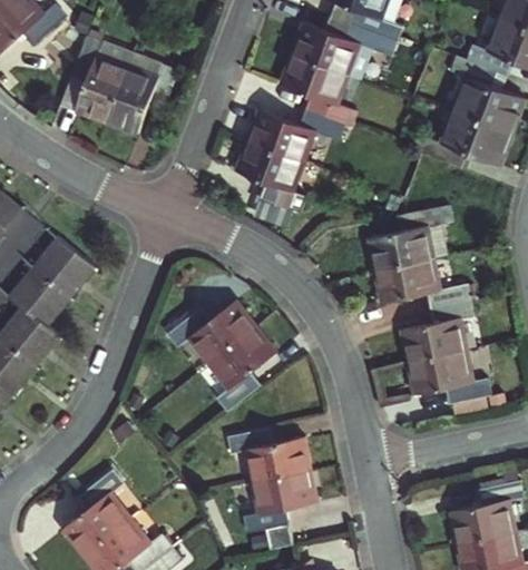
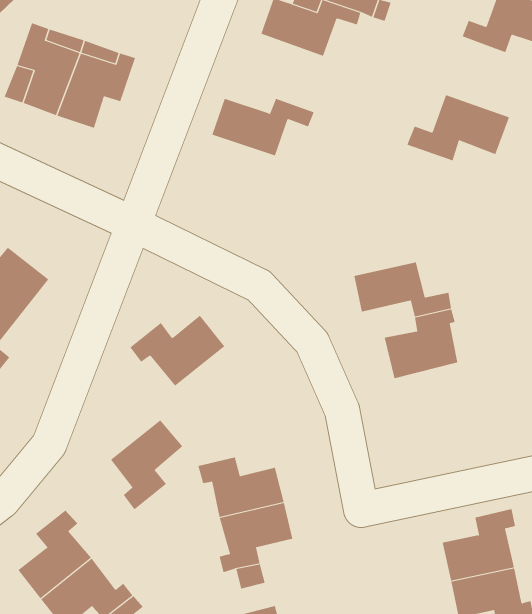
building: [446,52,519,128] -> none
building: [275,55,342,124] -> none
building: [232,144,300,212] -> none
building: [361,204,441,268] -> none
building: [211,331,275,411] -> [110,420,183,510]
building: [404,345,479,396] -> none

